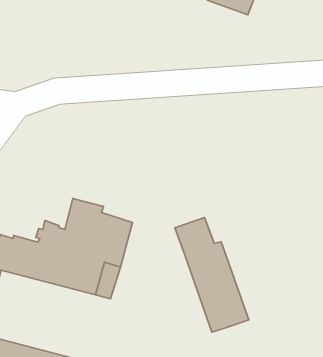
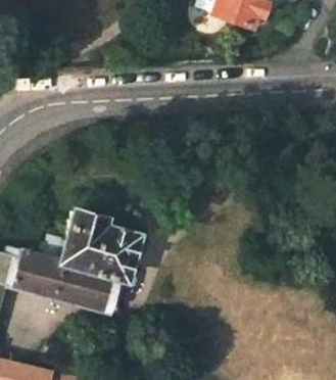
building: [175,218,249,332] -> none

